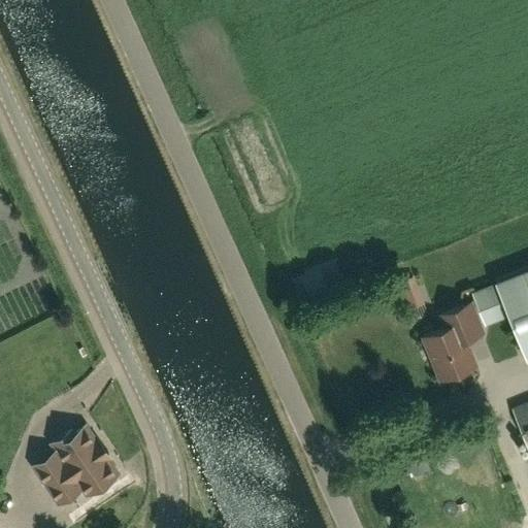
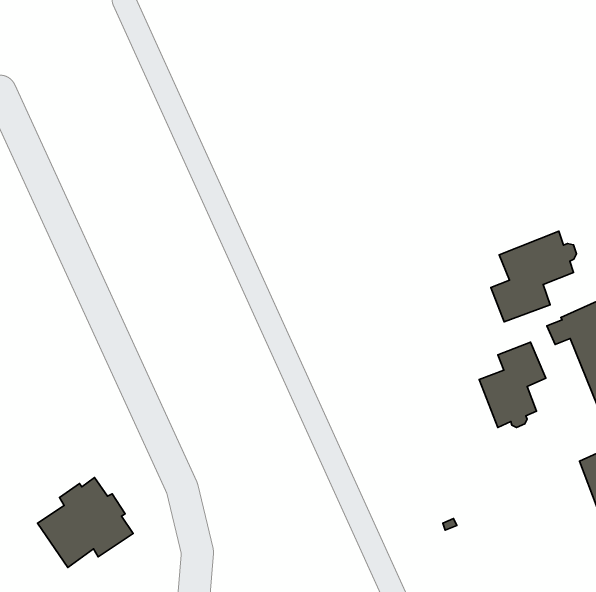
building: none -> [491,231,577,322]

